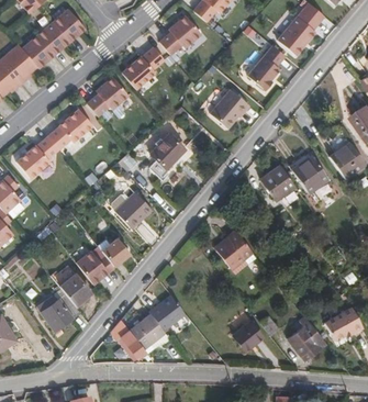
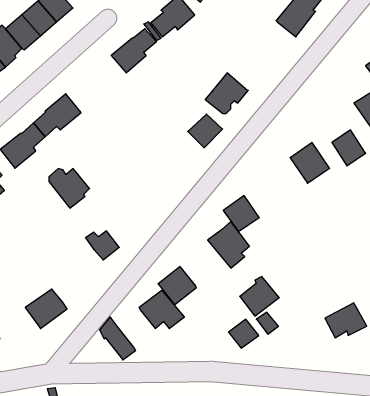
building: [248,45,286,90] -> none
building: [87,77,129,116] -> none
building: [152,135,185,167] -> [188,114,223,148]
building: [260,165,294,199] -> [223,196,259,232]
building: [115,193,154,231] -> [49,169,90,208]
building: [77,252,115,284] -> none
building: [59,273,91,305] -> none
building: [129,313,165,349] -> [158,267,196,305]
building: [286,320,323,357] -> [240,277,279,316]

